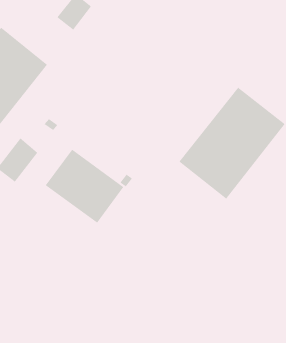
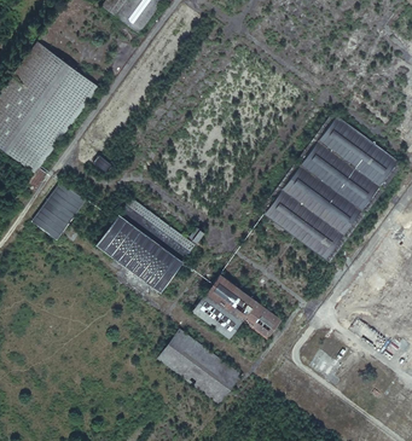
building: none -> [192,272,279,337]
building: none -> [156,325,238,400]

